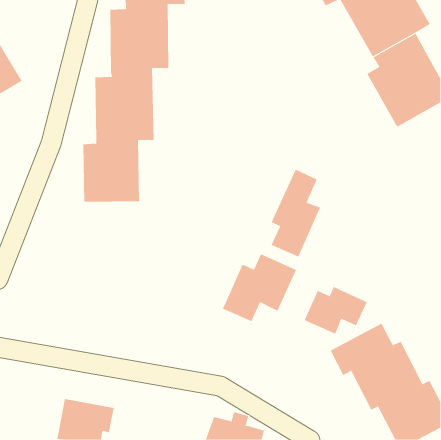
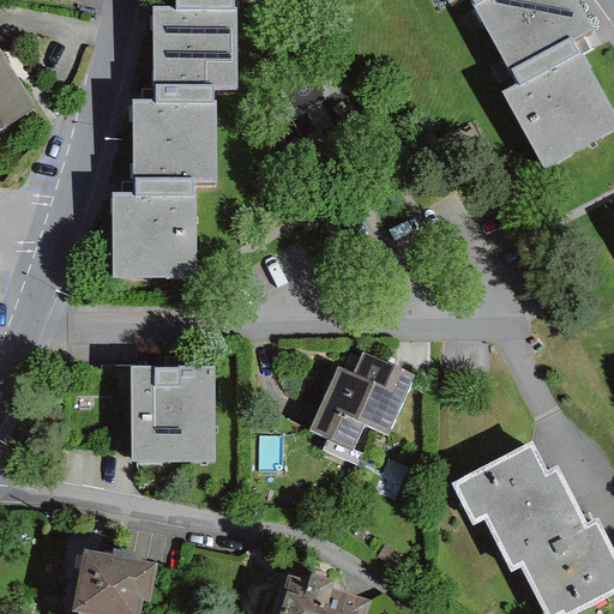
building: [271,169,321,257] -> none
building: none -> [137,362,215,458]
building: [304,286,367,335] -> none

